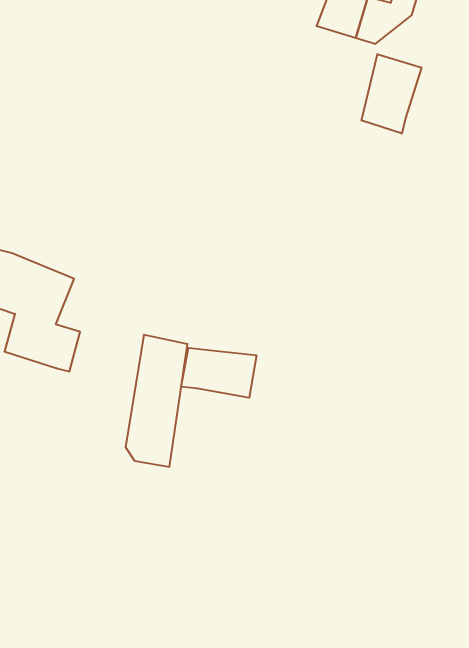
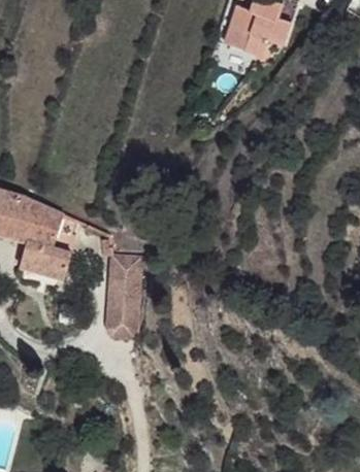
building: [362,54,421,134] -> none
building: [181,348,256,398] -> none

